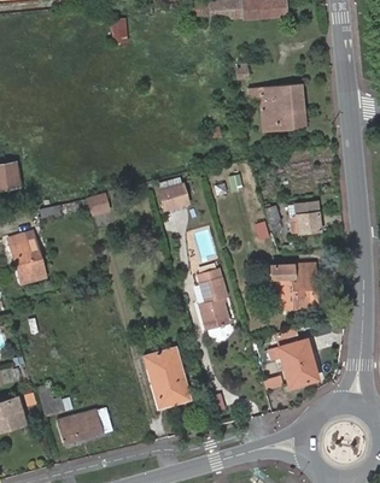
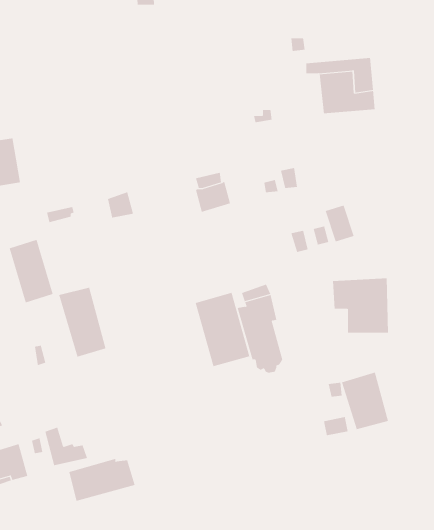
building: [294,201,320,232] -> none
building: none -> [58,287,106,358]
building: [144,347,188,407] -> [195,292,250,367]

